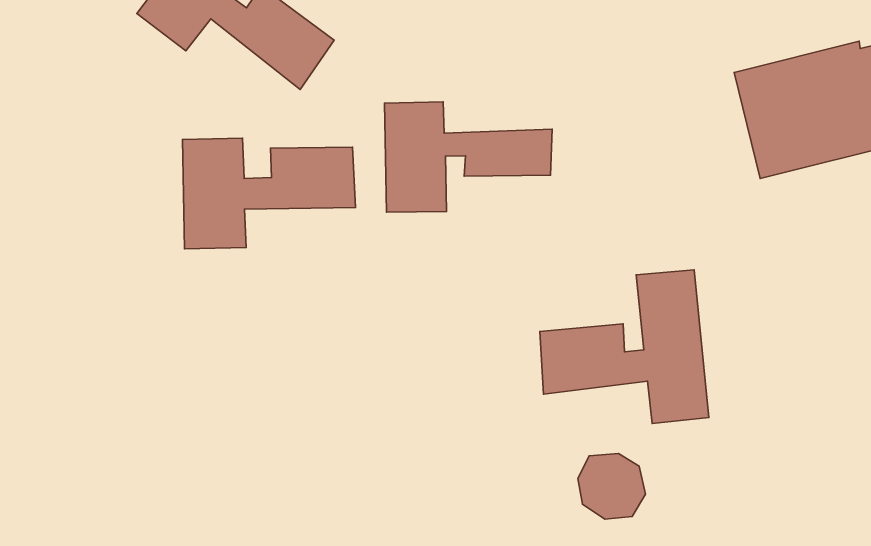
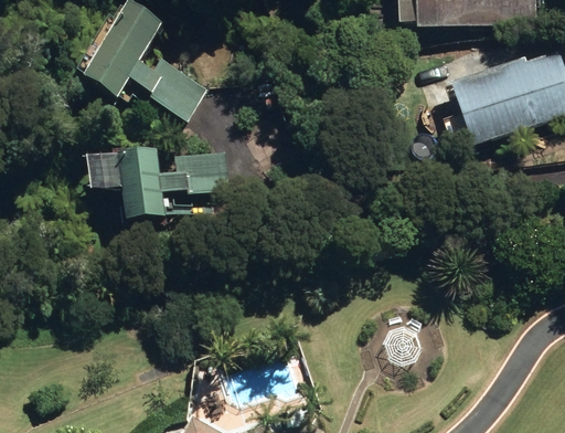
building: [385,102,552,212] -> none
building: [540,270,709,423] -> none

